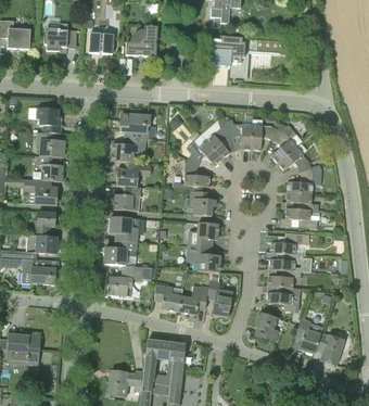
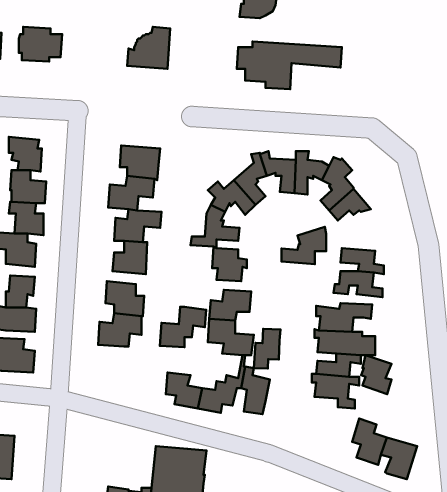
building: [88,33,113,54] -> none
building: [287,165,320,193] -> [282,227,326,264]
building: none -> [254,329,281,369]
building: [107,265,142,295] -> [160,307,206,347]
building: [255,312,278,341] -> [361,355,391,394]

